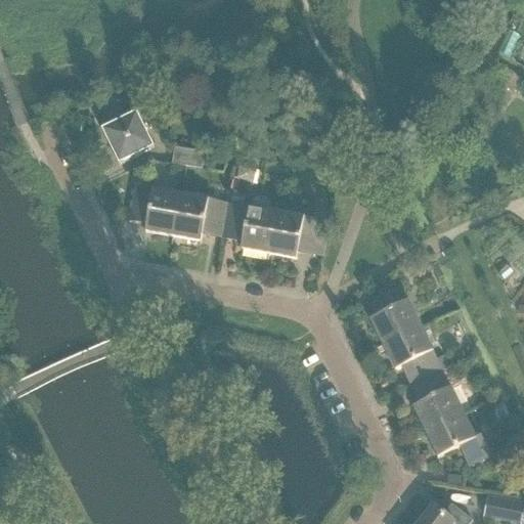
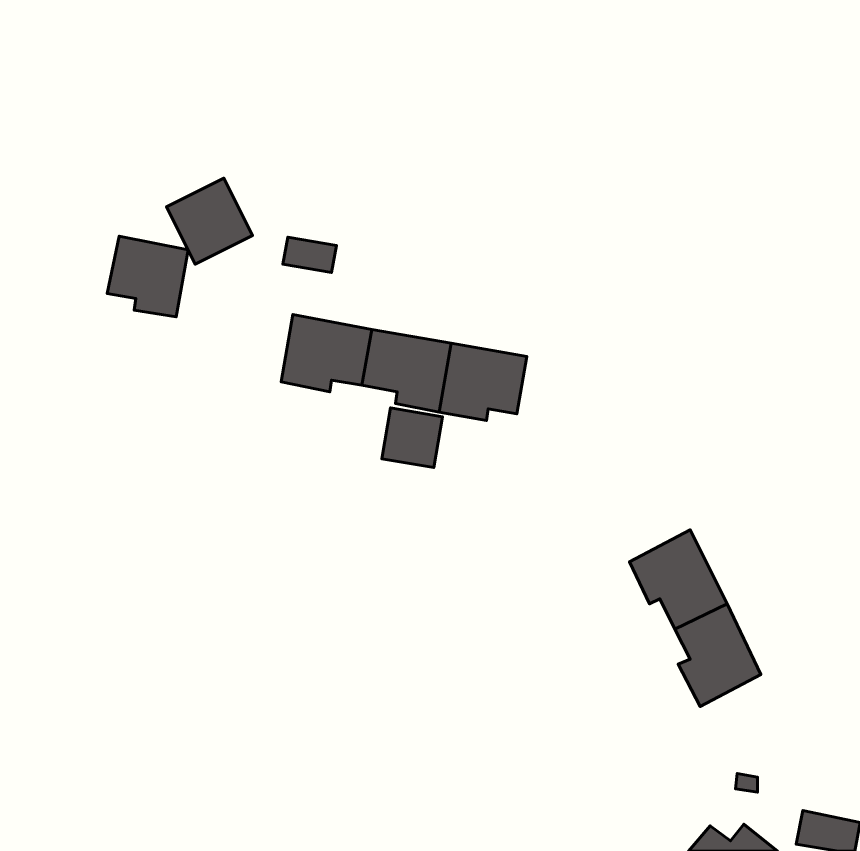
building: [129,183,178,232] -> [107,236,188,317]
building: none -> [382,408,443,468]
building: [369,282,420,342] -> none
building: [426,410,490,460] -> none

